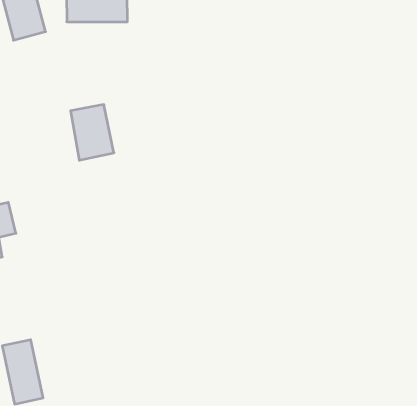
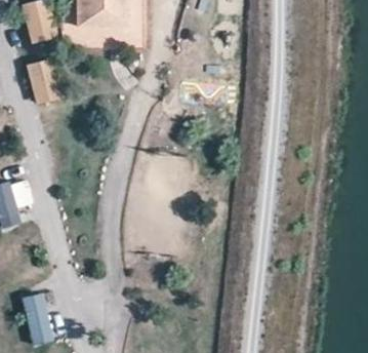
building: [71,105,114,160] -> [28,58,64,105]

